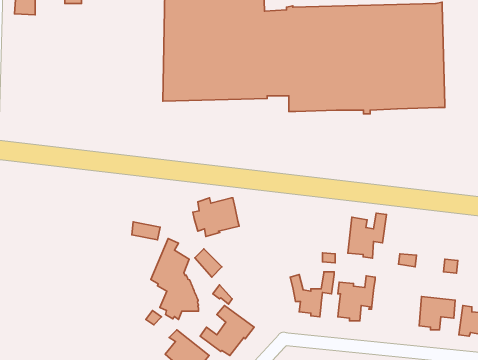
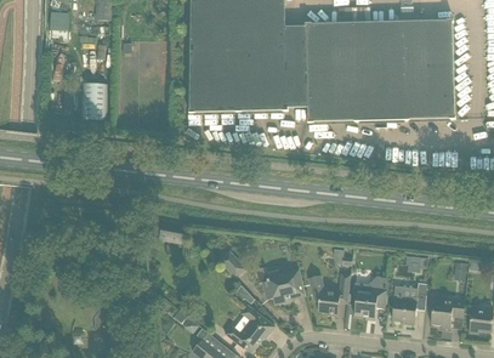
building: none -> [80,83,104,120]
building: [193,198,239,236] -> [261,268,305,305]
building: [348,213,387,258] -> [391,282,427,324]
building: [151,238,199,319] -> none

